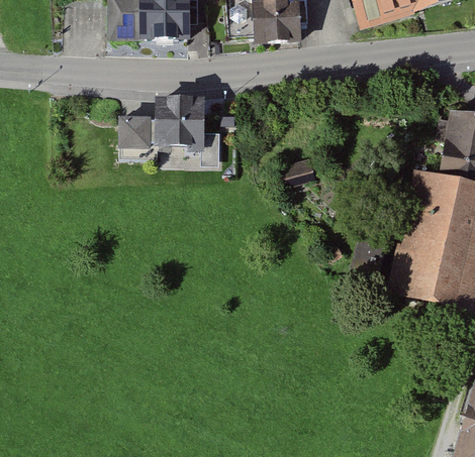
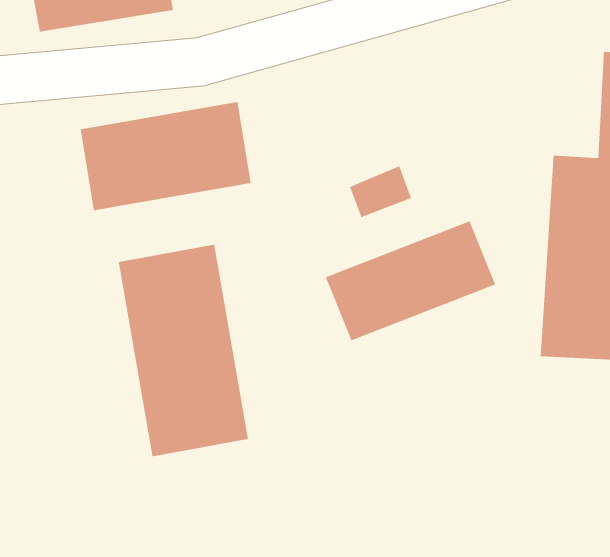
building: none -> [118,244,248,457]
building: none -> [325,220,496,341]

